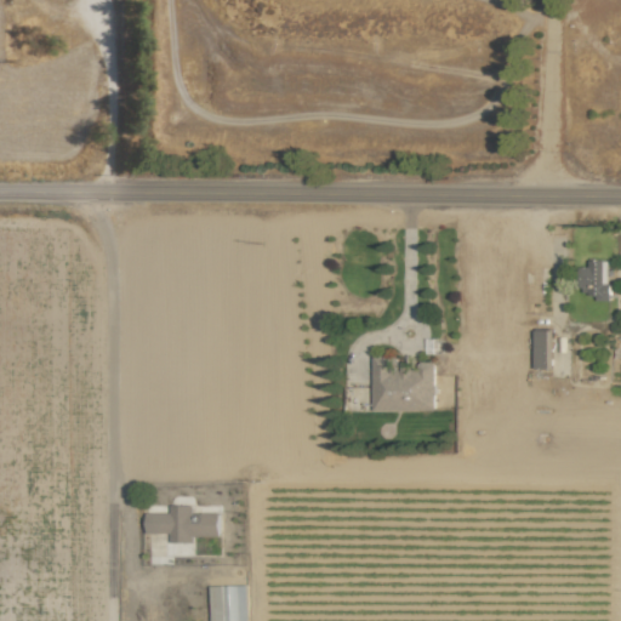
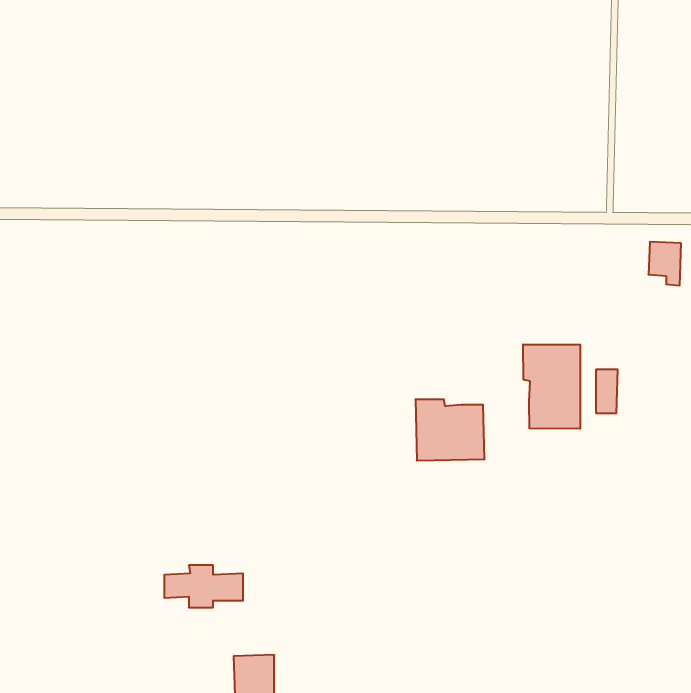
building: [579,263,608,302] -> [648,242,681,285]
building: none -> [523,344,580,429]

